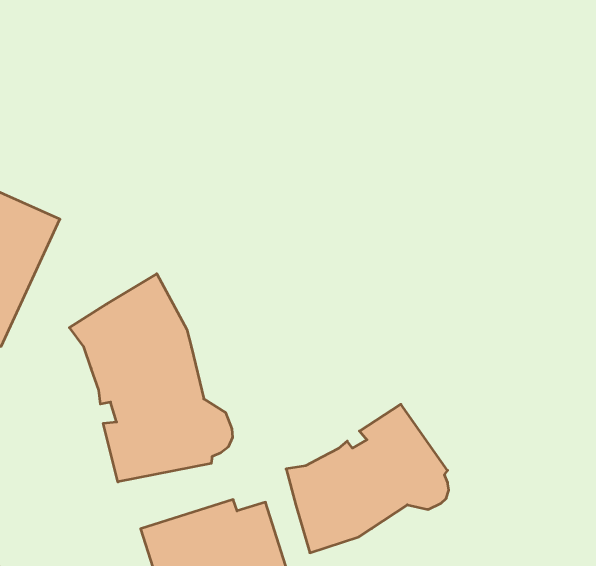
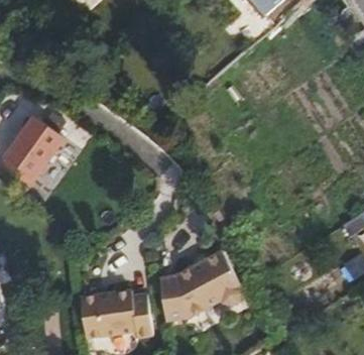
building: [69,274,232,482] -> none

